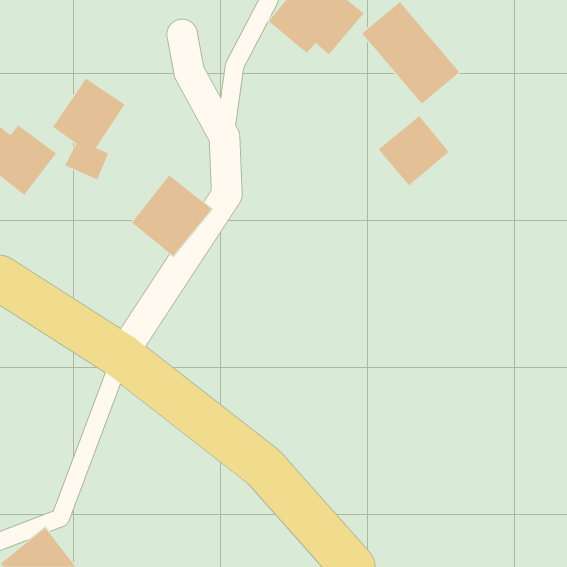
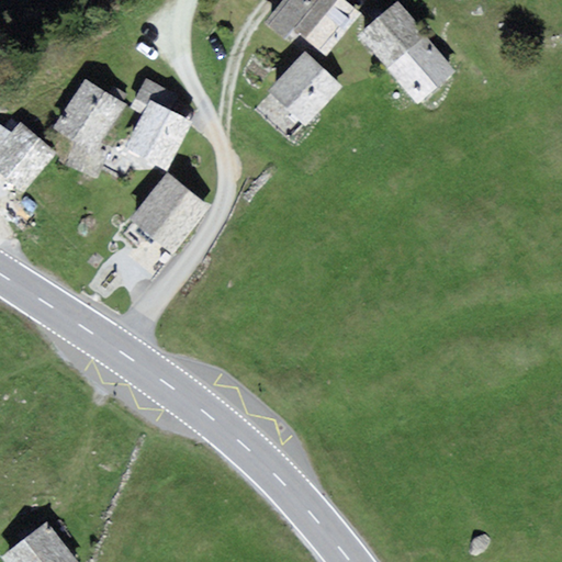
building: none -> [267,53,340,124]
building: none -> [123,77,191,170]
building: [378,115,449,186] -> none

